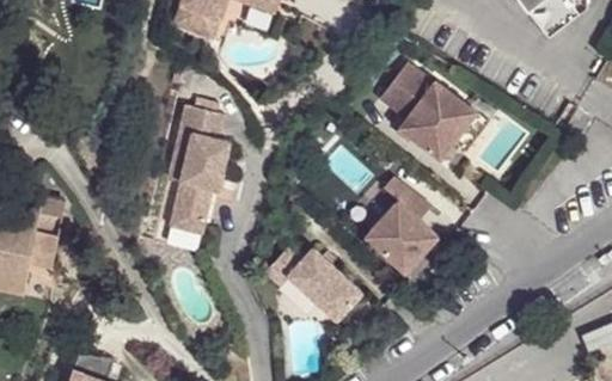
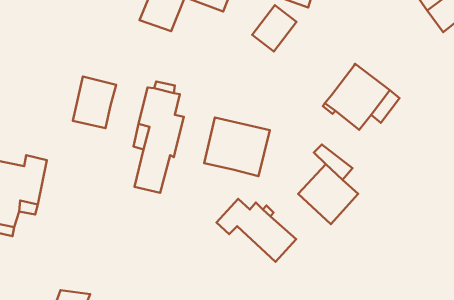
building: [381,62,435,118] -> [252,5,297,51]
building: none -> [73,77,116,128]
building: none -> [204,118,270,176]

